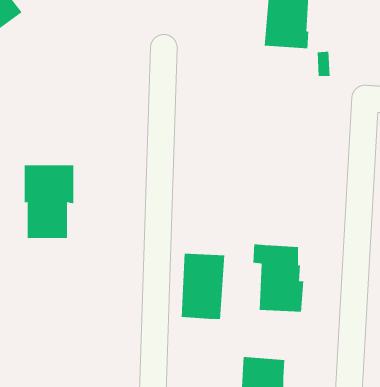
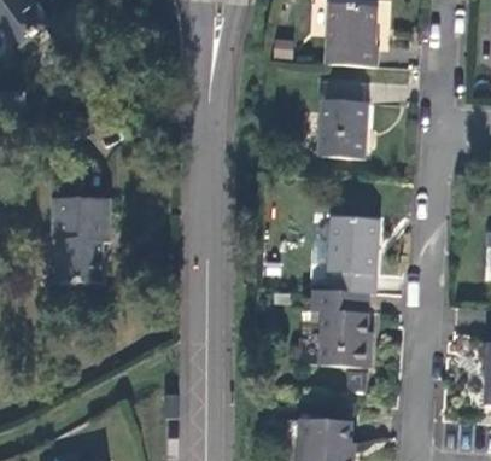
building: none -> [317,82,368,159]
building: [181,253,225,319] -> [328,216,379,292]

